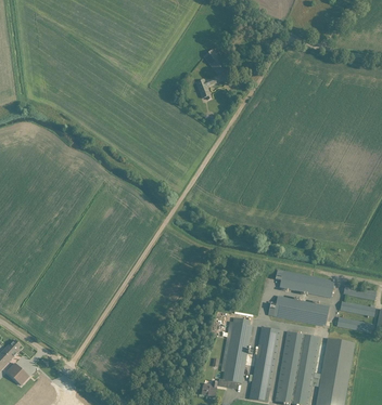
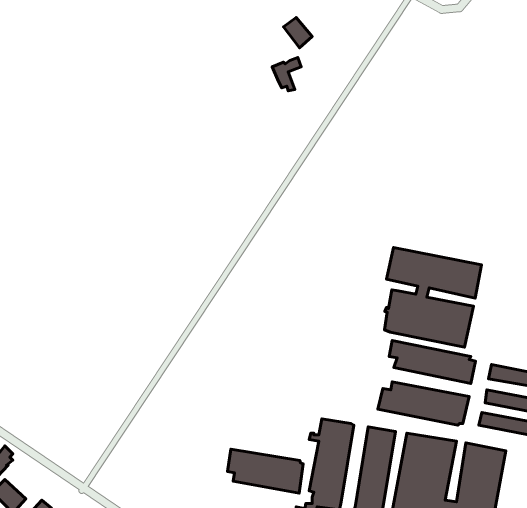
building: none -> [384,247,481,347]
building: none -> [228,449,303,493]

